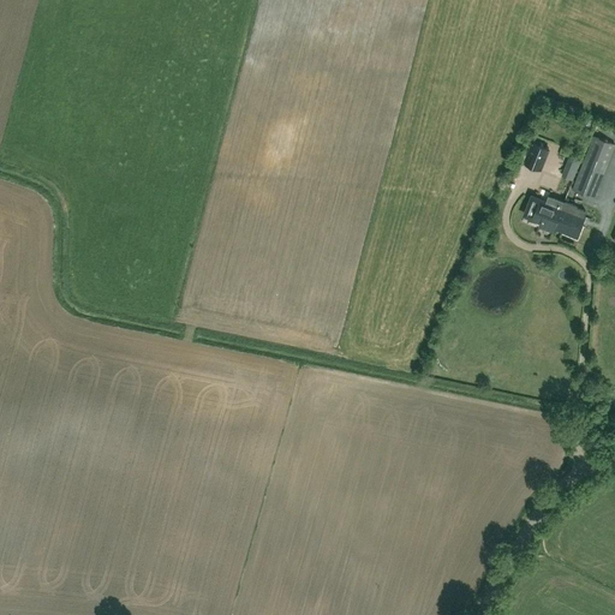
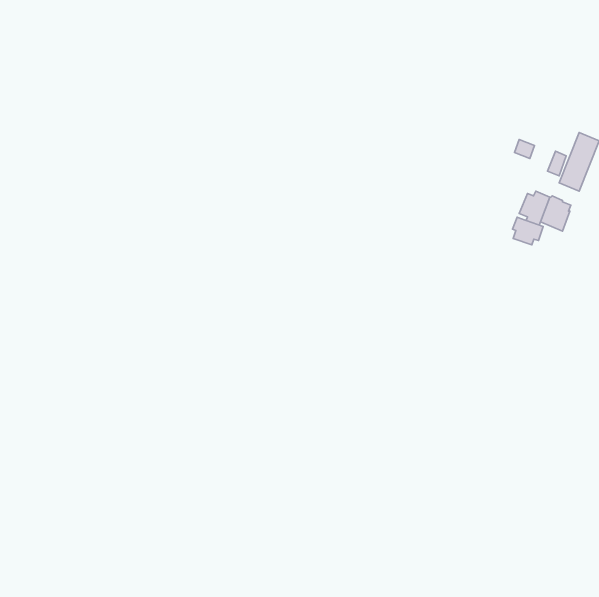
building: none -> [513,217,543,245]

